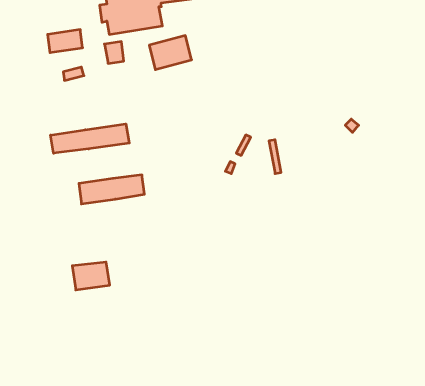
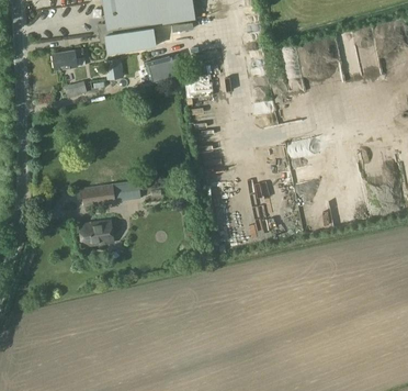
building: [51,124,129,153] -> none
building: [72,262,110,290] -> [79,221,113,246]

